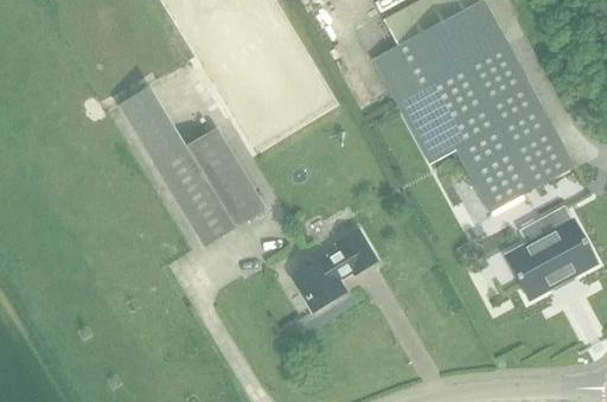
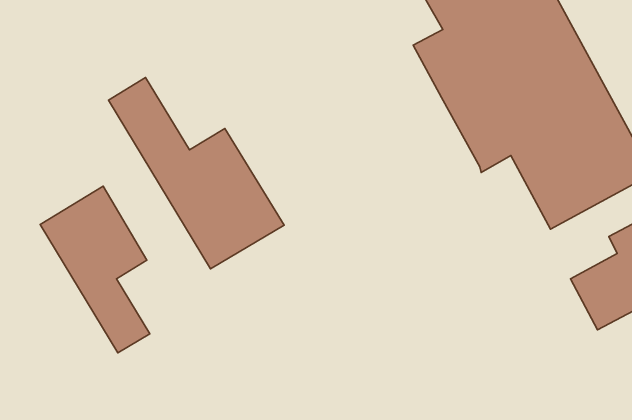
building: none -> [40,186,150,353]
building: [293,230,378,312] -> none

